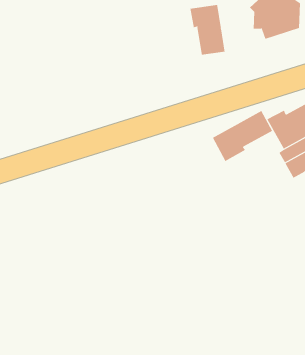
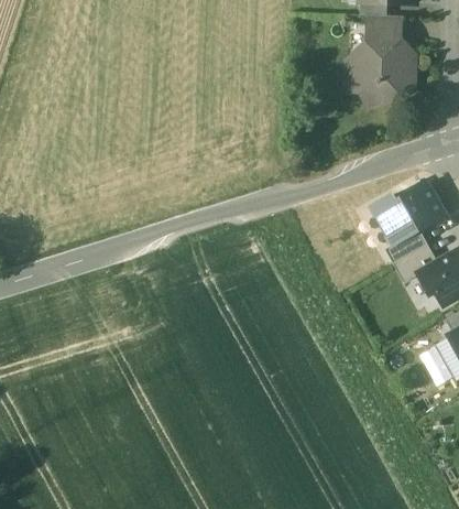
building: [190,4,225,55] -> none
building: [212,110,273,162] -> none

